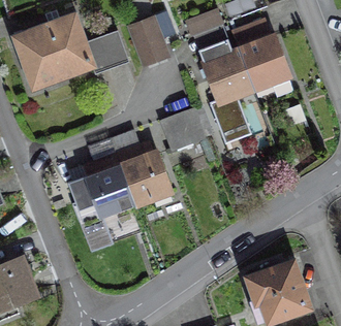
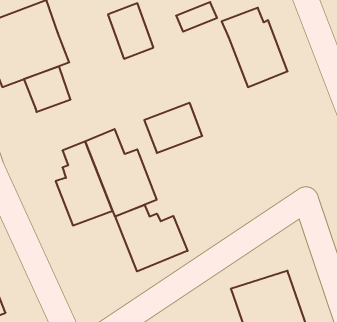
building: [85,30,127,71] -> [24,67,71,112]
building: [199,40,257,141] -> none
building: none -> [115,205,188,271]

